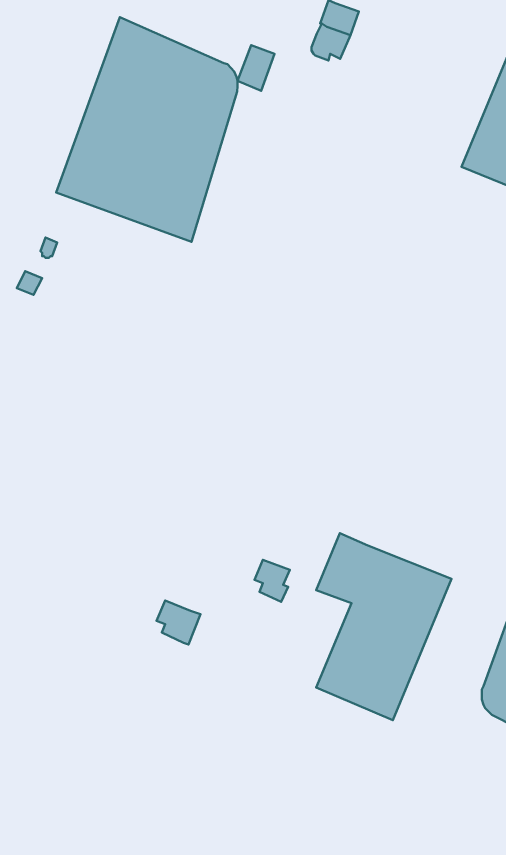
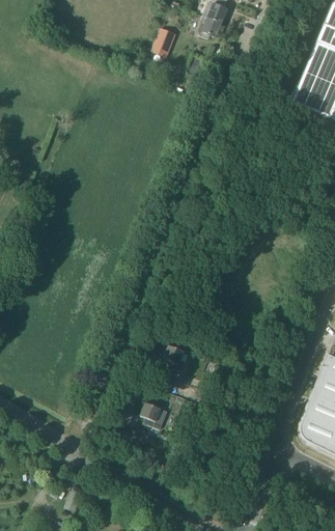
building: [56,17,238,242] -> none
building: [316,533,452,720] -> none
building: [157,601,200,644] -> [139,401,166,428]

